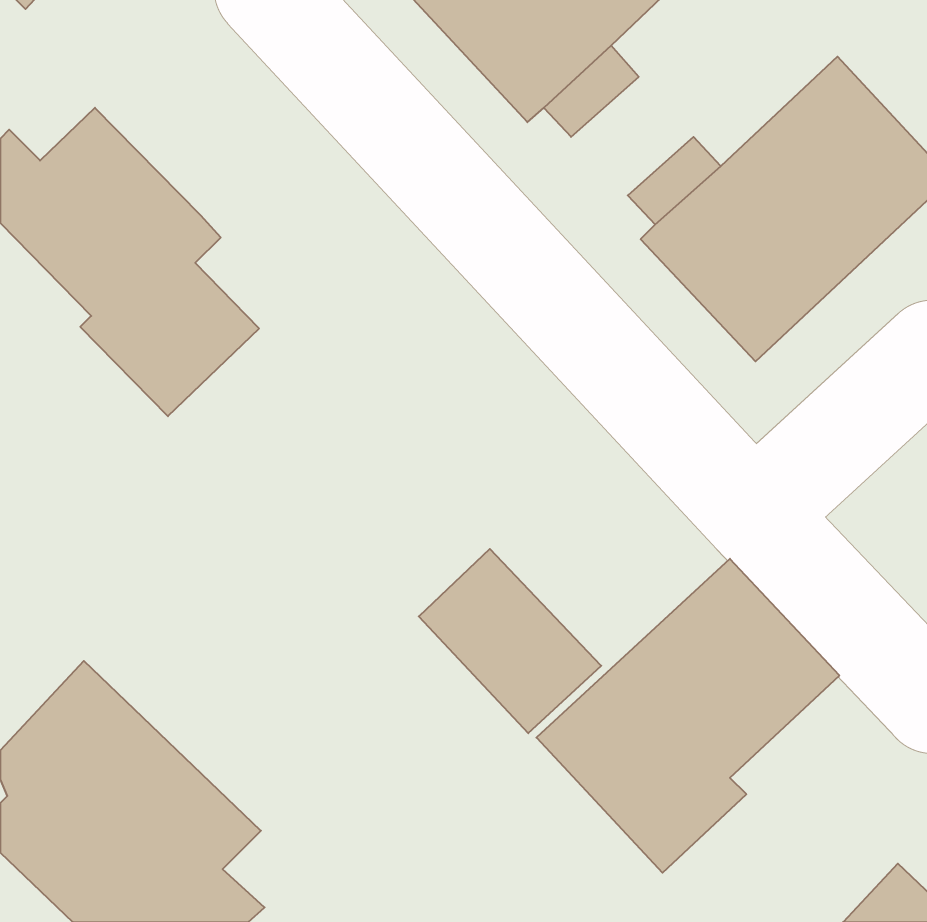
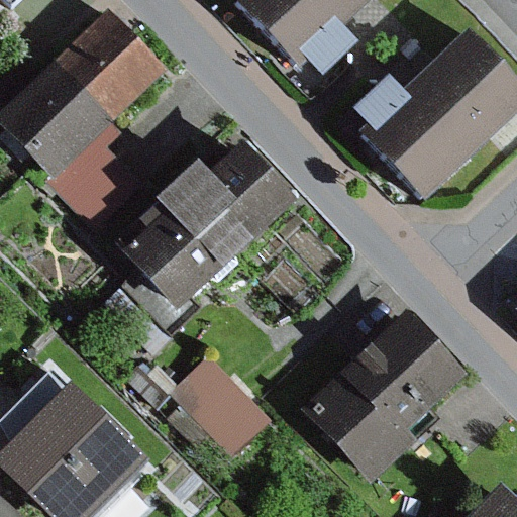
building: none -> [56,7,169,119]
building: none -> [114,143,294,333]
building: [419,549,601,733] -> [171,352,272,454]

